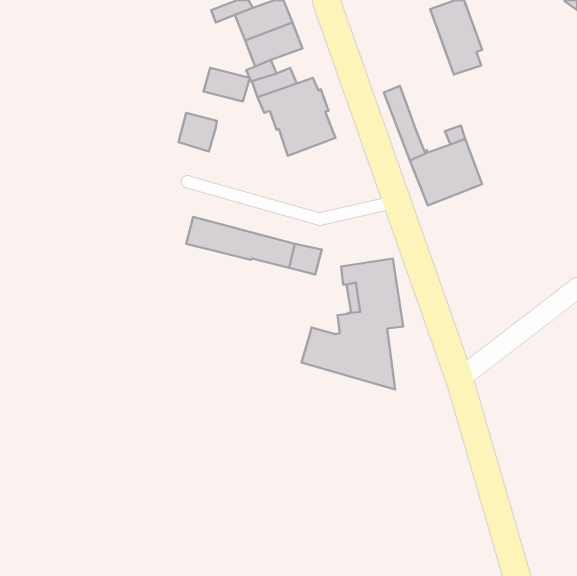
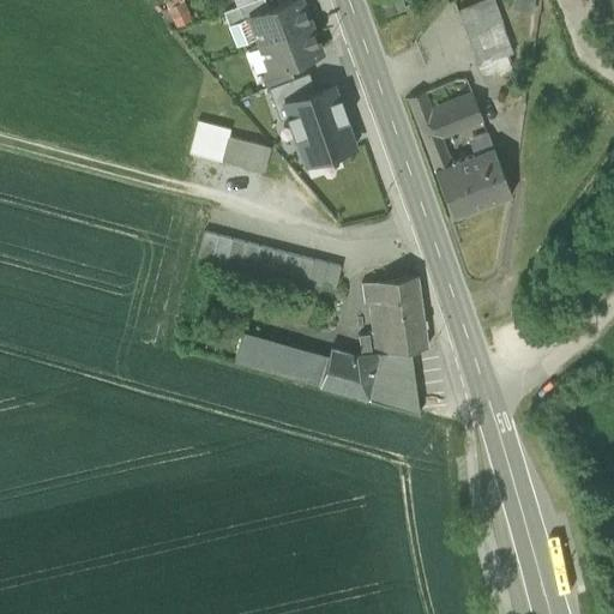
building: [203,68,250,102] -> [222,137,271,173]
building: none -> [432,94,483,138]
building: none -> [235,333,329,386]

